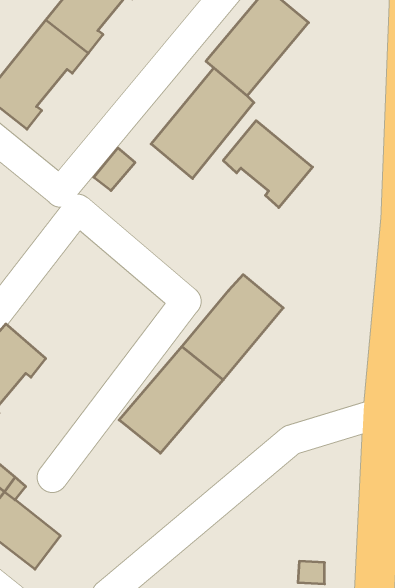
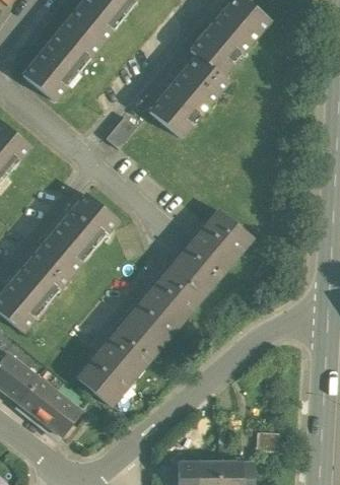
building: [223,121,313,208] -> none
building: none -> [39,194,117,276]
building: none -> [78,323,156,405]

